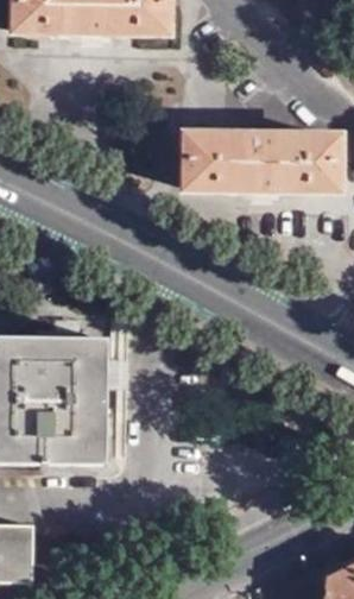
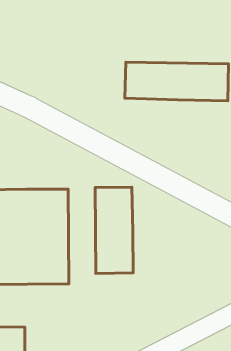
building: none -> [95,187,133,273]

